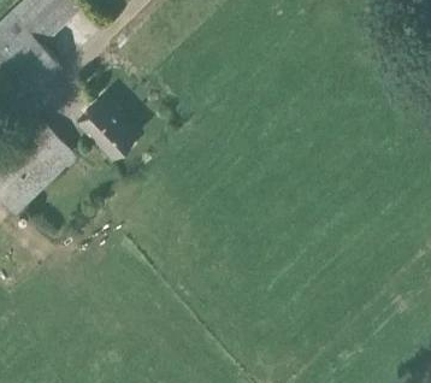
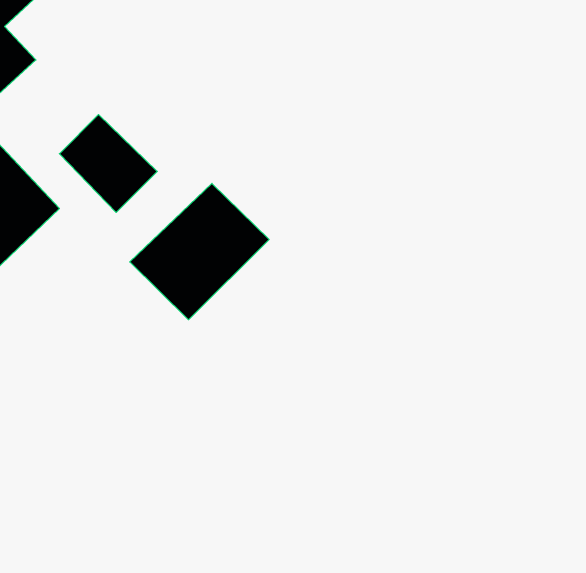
building: none -> [130,183,269,320]

